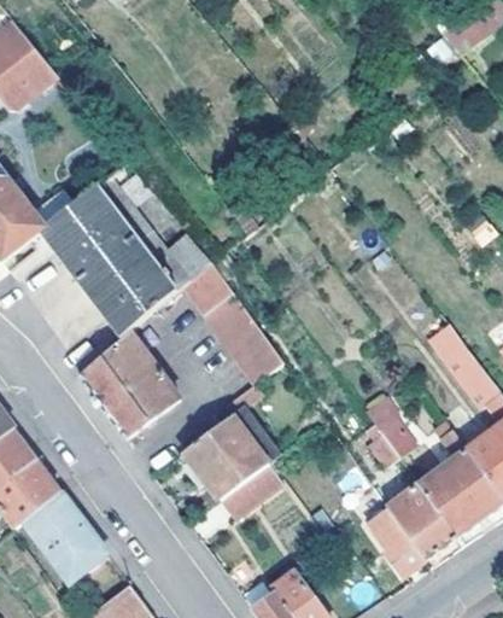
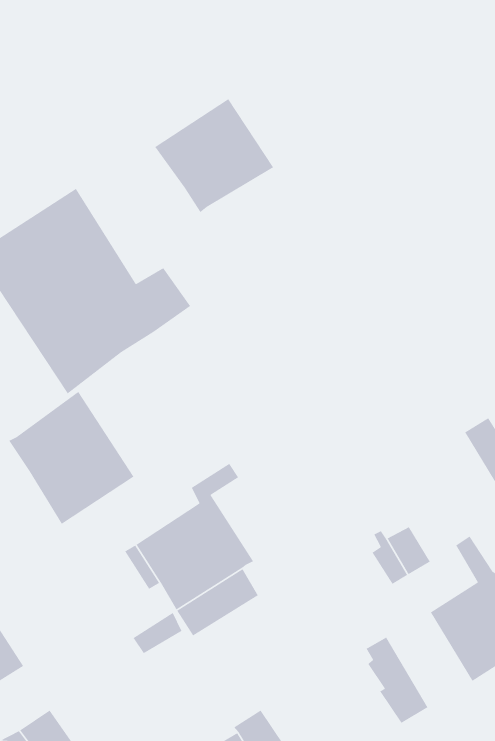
building: none -> [154,98,274,213]
building: [186,260,283,380] -> none
building: [387,485,457,560] -> none

